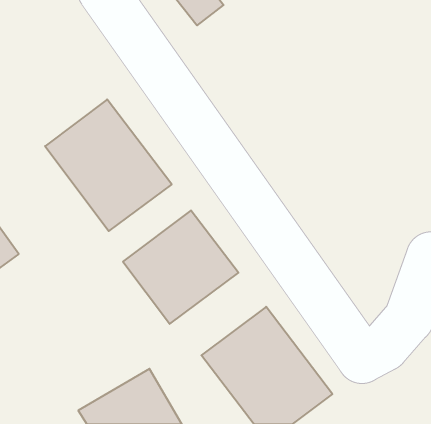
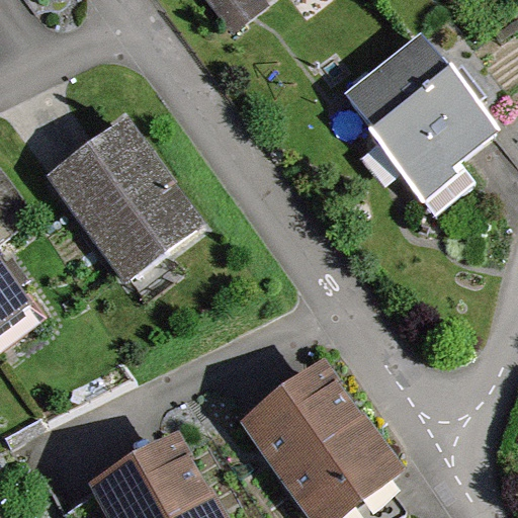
building: none -> [342,38,497,196]
building: [123,210,238,324] -> none

